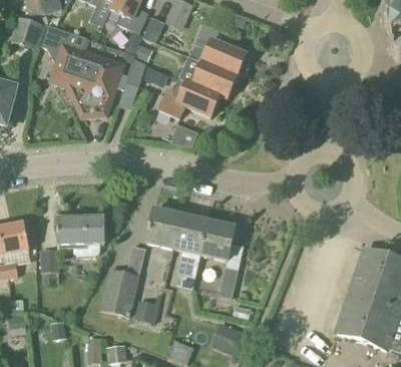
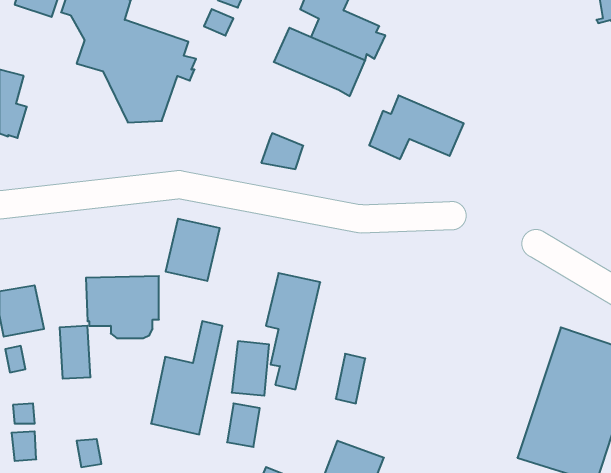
building: [125,57,169,85] -> none
building: [159,76,221,117] -> [369,95,464,159]
building: [146,207,181,247] -> [166,219,220,281]
building: [200,219,236,260] -> none

